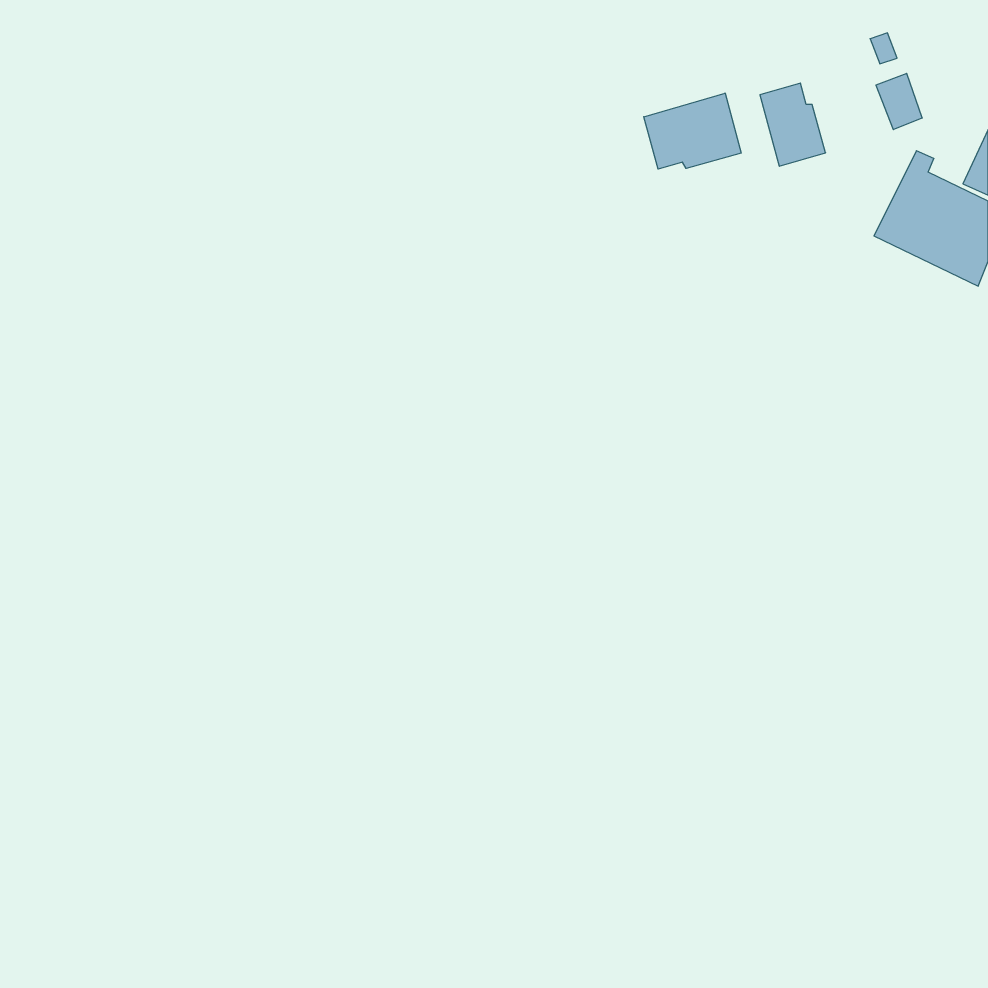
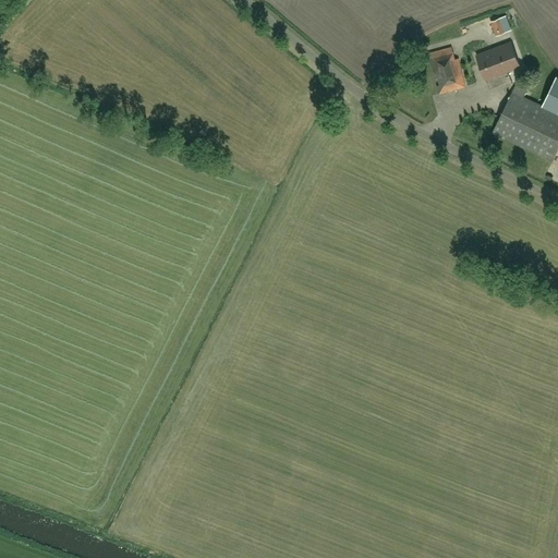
building: none -> [476,48,504,80]
building: [644,93,741,169] -> none

